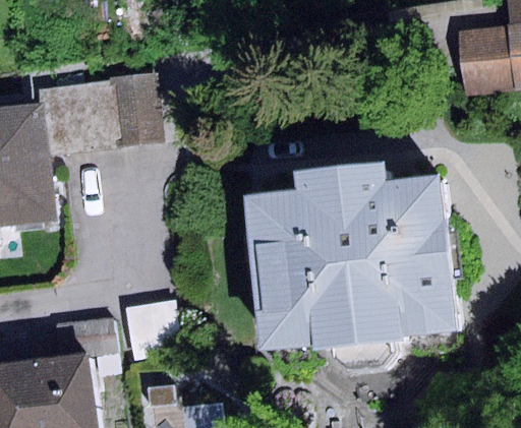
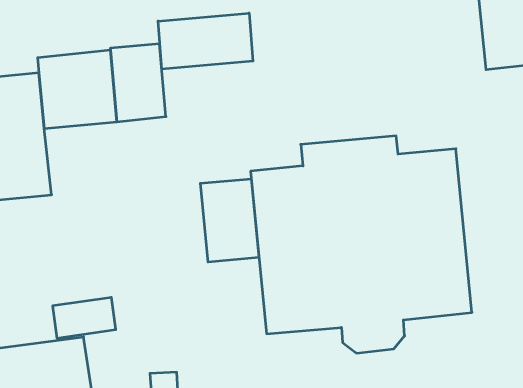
building: none -> [158,13,253,69]
building: none -> [200,179,259,262]

